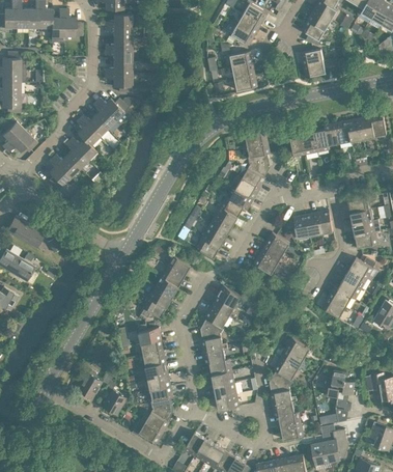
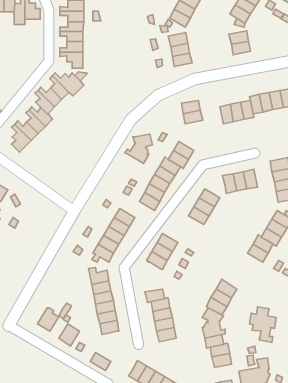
building: [237,155,270,189] -> [125,134,153,164]
building: [200,317,227,353] -> none
building: [141,398,173,434] -> none

